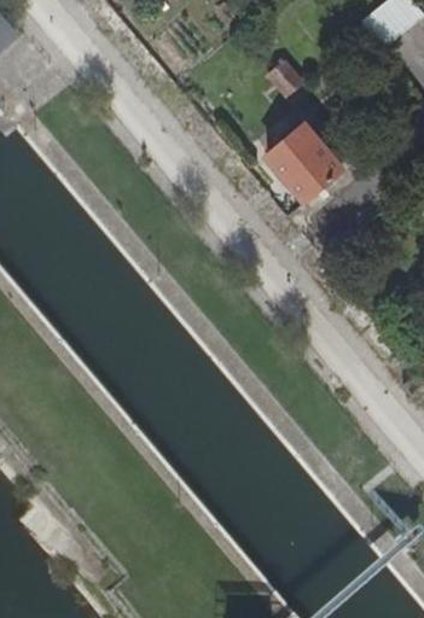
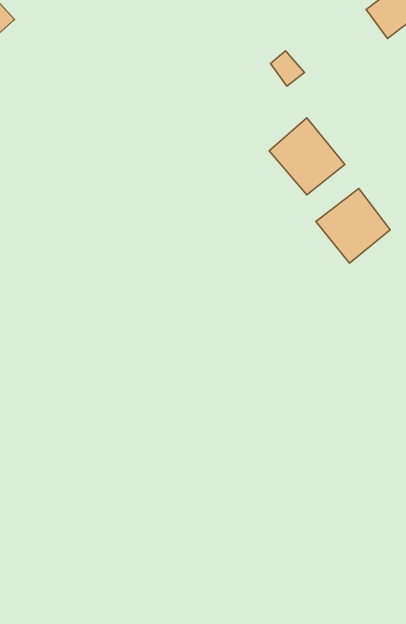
building: none -> [316,189,390,263]

